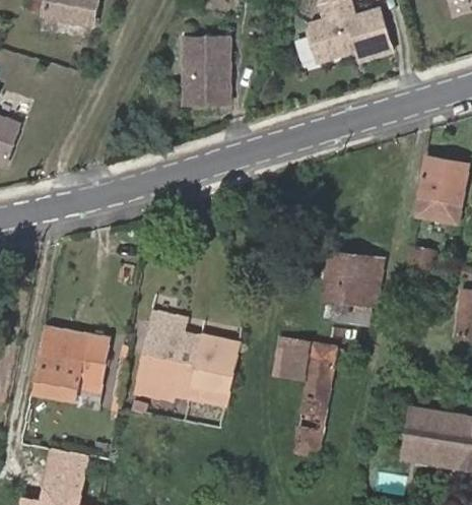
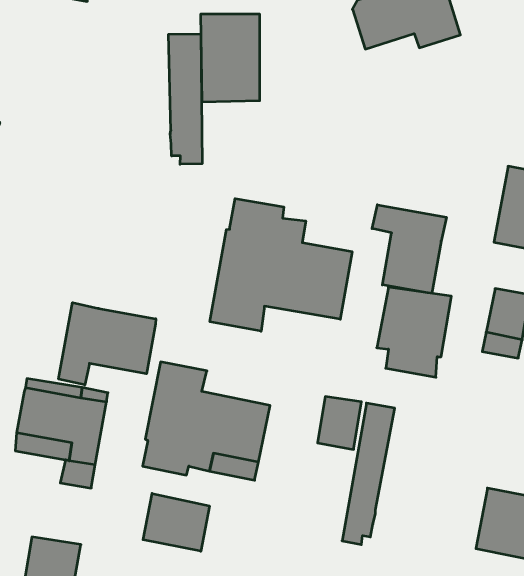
building: none -> [169,34,202,164]
building: none -> [210,199,352,331]
building: none -> [372,205,446,293]
building: none -> [59,303,156,385]
building: none -> [143,493,209,551]

